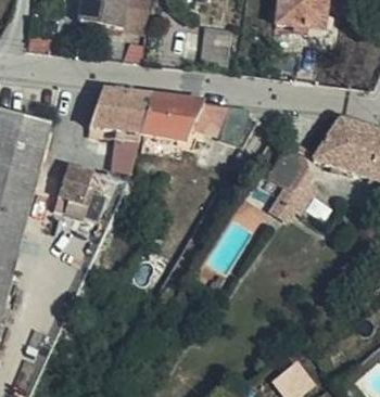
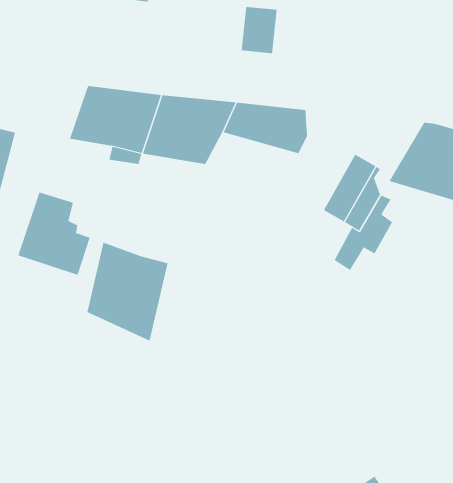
building: none -> [87,242,168,342]

